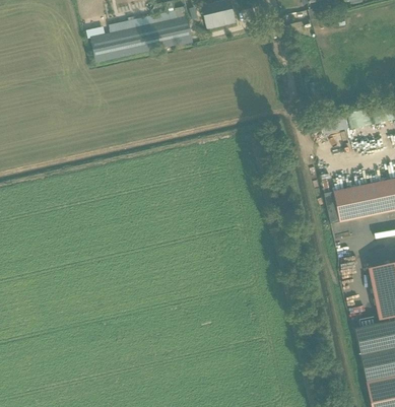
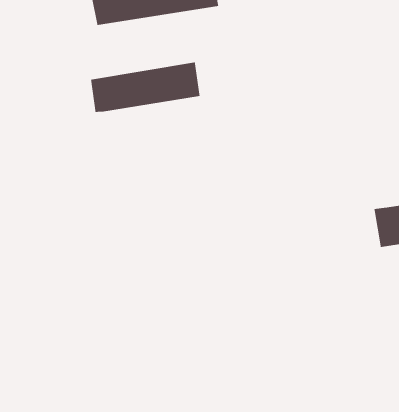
building: none -> [90,61,200,113]

